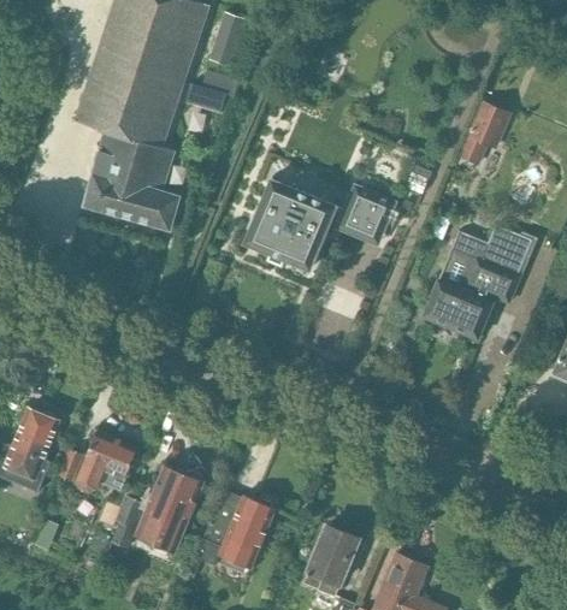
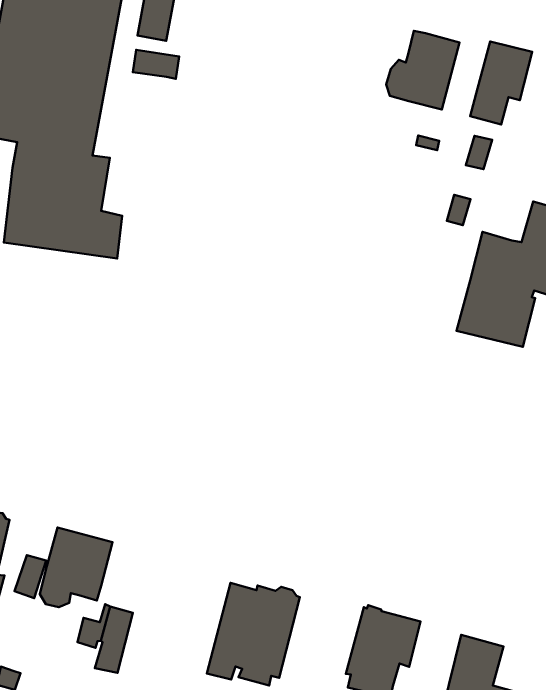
building: none -> [386,31,460,109]
building: [244,177,337,268] -> none
building: [337,182,397,245] -> none
building: [136,466,208,551] -> none

